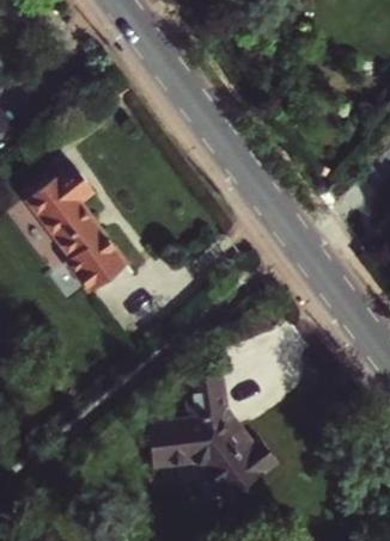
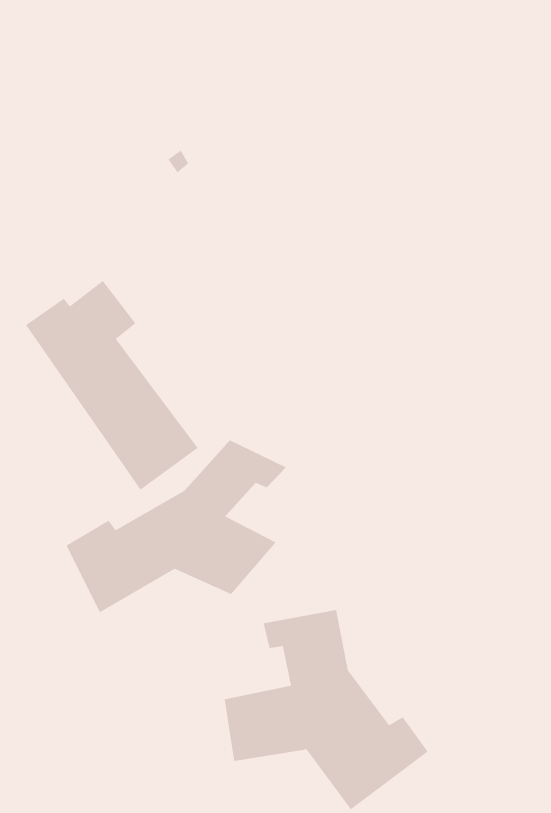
building: none -> [66,440,287,613]

